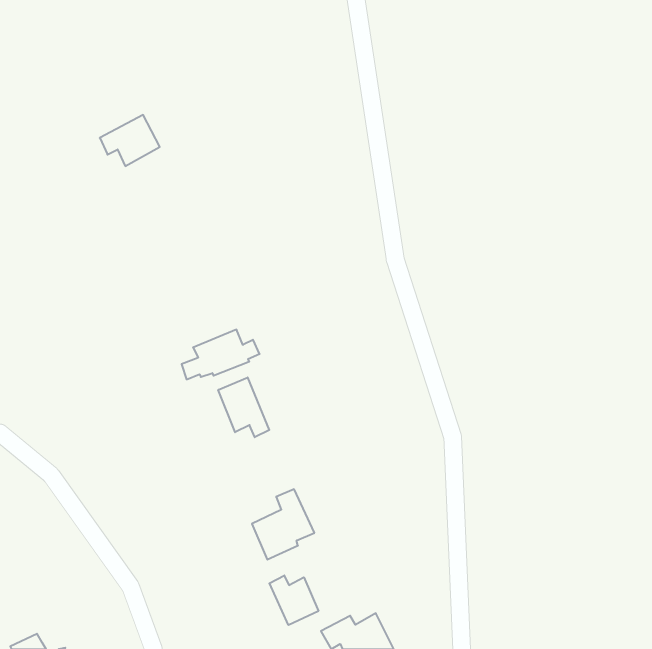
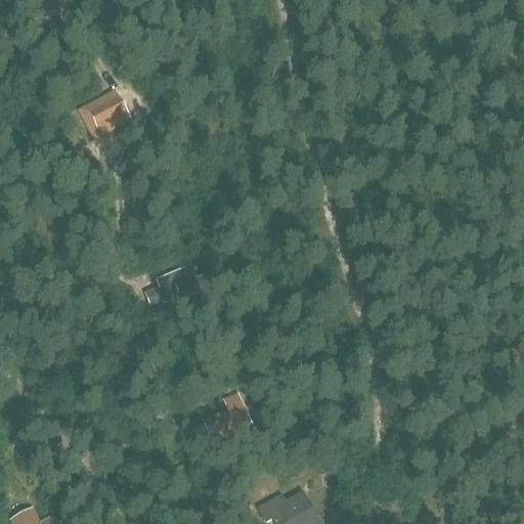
building: [218,377,269,437] -> none
building: [269,575,318,625] -> none

